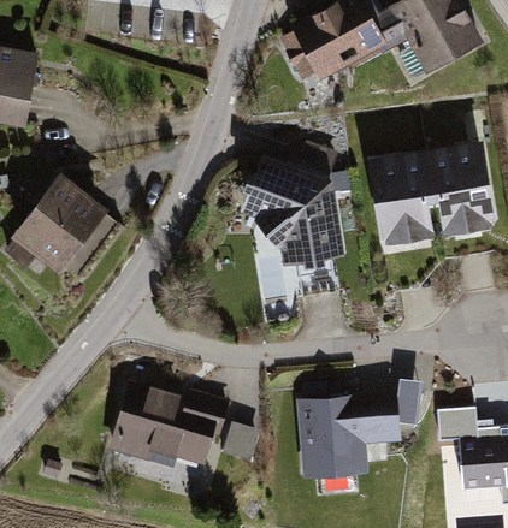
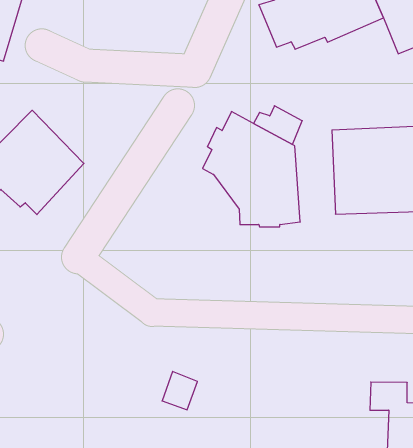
building: [108,380,230,467] -> none
building: [296,391,401,480] -> none

